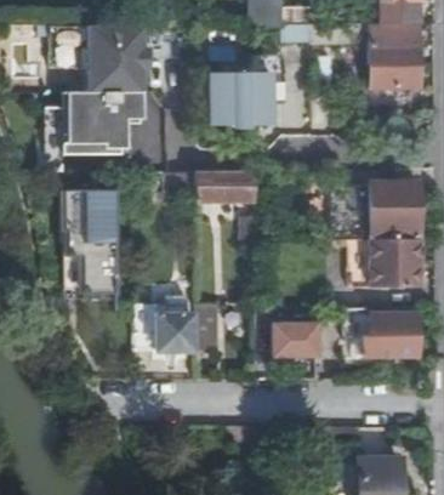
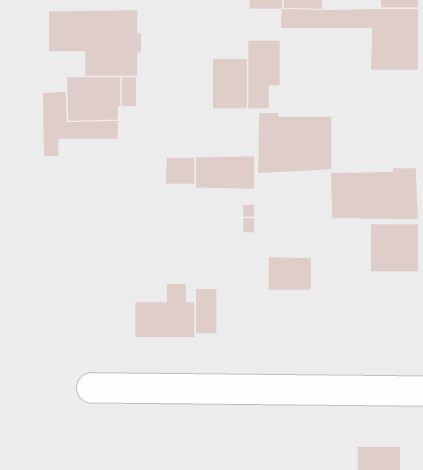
building: none -> [257,112,332,174]
building: [64,190,116,297] -> none
building: [364,314,420,355] -> none
building: [275,320,319,354] -> [268,256,312,290]

